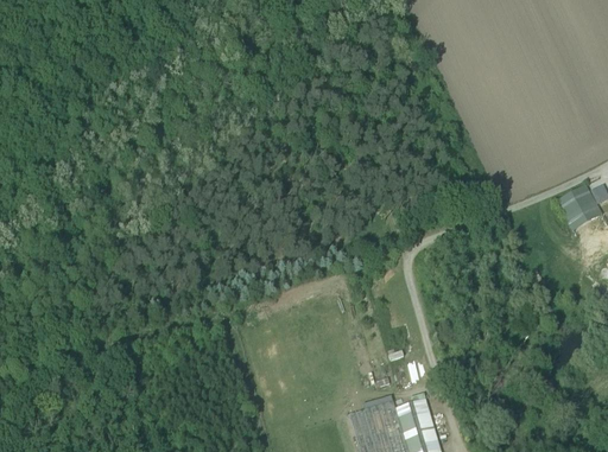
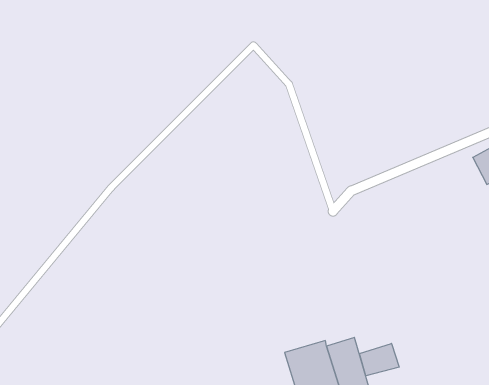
building: none -> [359,343,399,376]

